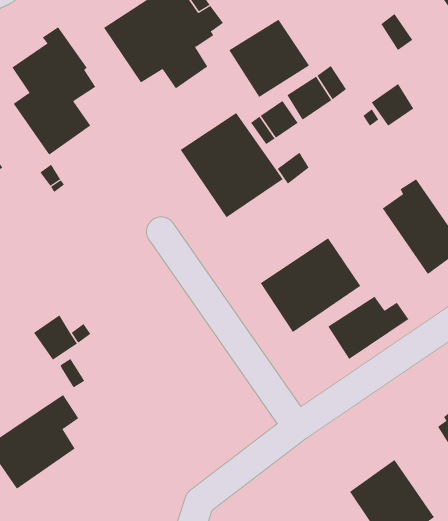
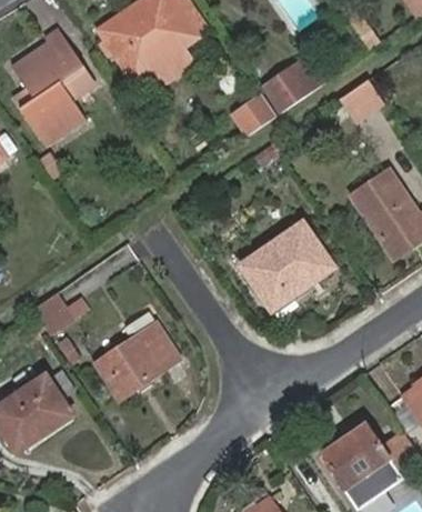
building: [229,19,310,98] -> none
building: [180,112,284,218] -> none
building: [328,296,409,360] -> none
building: none -> [97,310,180,398]

